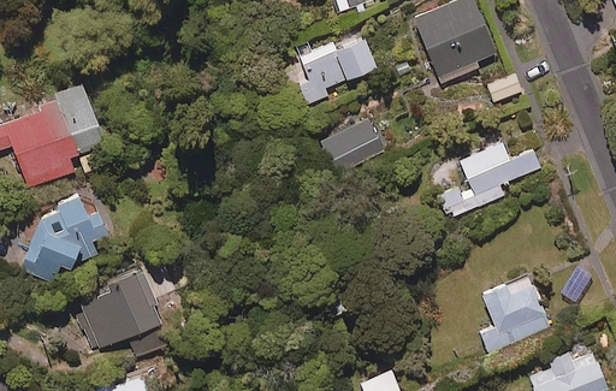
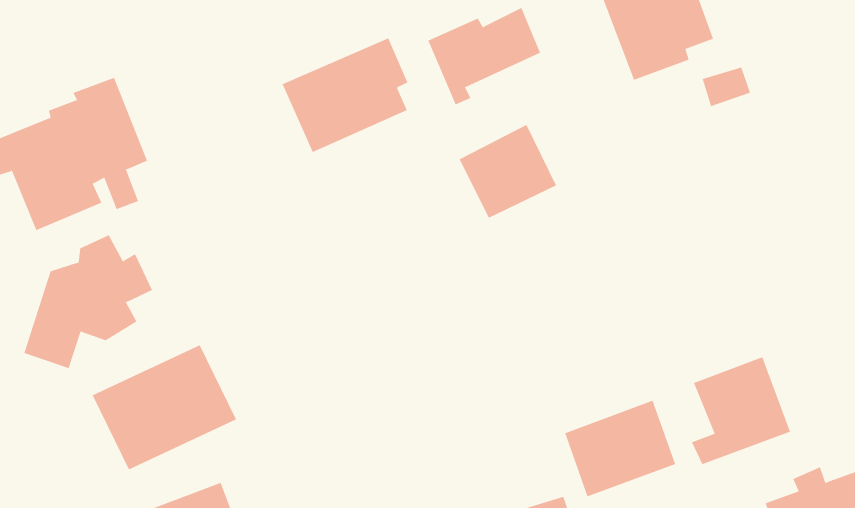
building: none -> [282,38,408,153]
building: [440,142,540,217] -> none
building: none -> [564,400,676,497]

